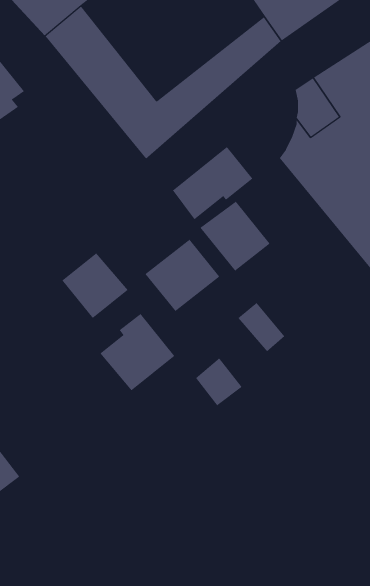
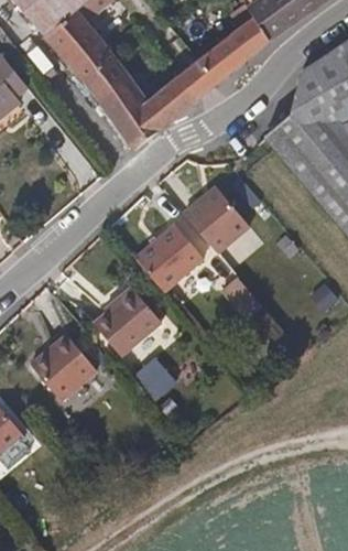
building: [172,146,253,220] -> none
building: [61,252,129,319] -> none
building: [195,357,243,406] -> [135,359,178,403]
building: none -> [36,337,102,403]

